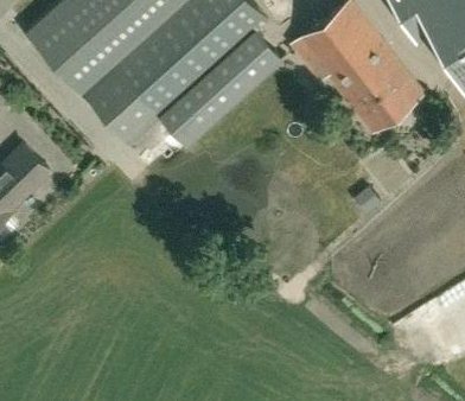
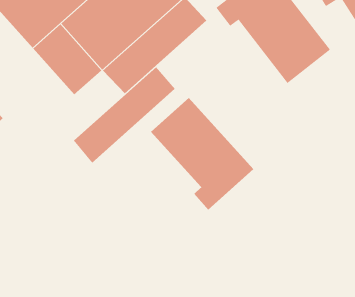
building: none -> [73,67,175,164]
building: none -> [150,97,254,210]

